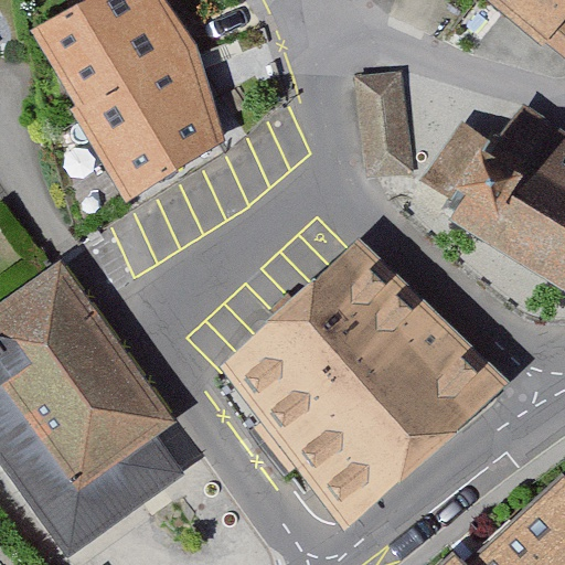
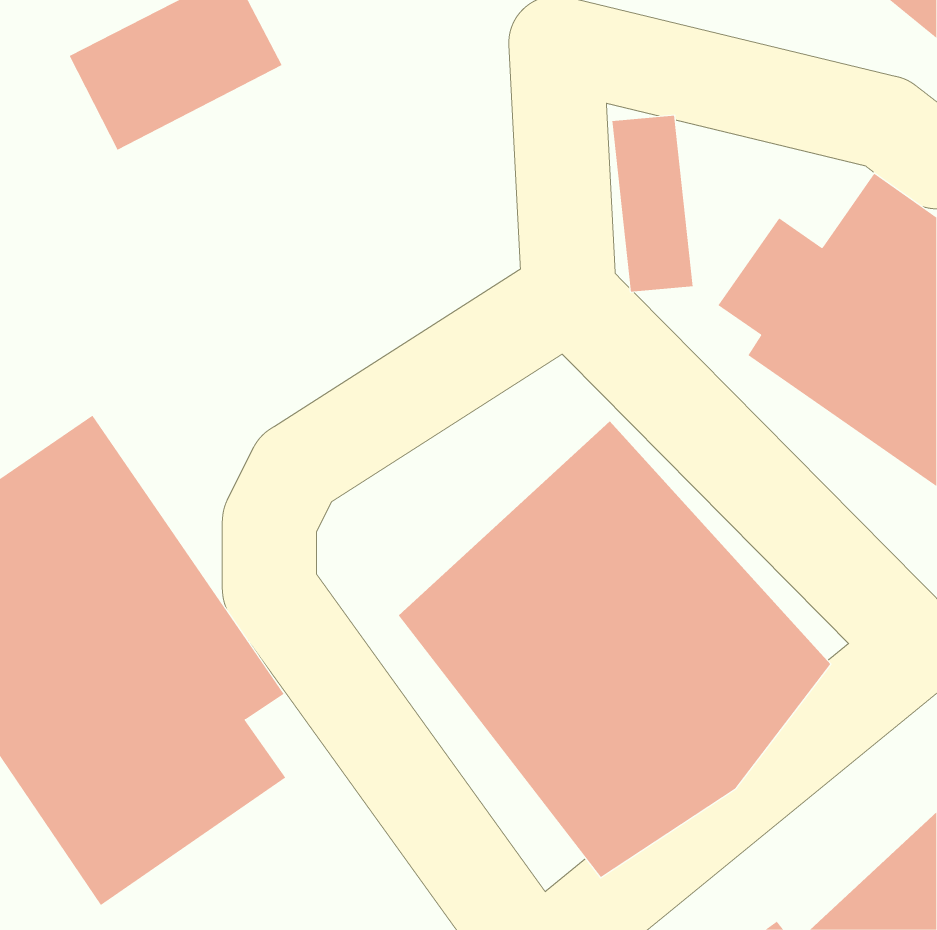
building: [70,39,215,182] -> none

